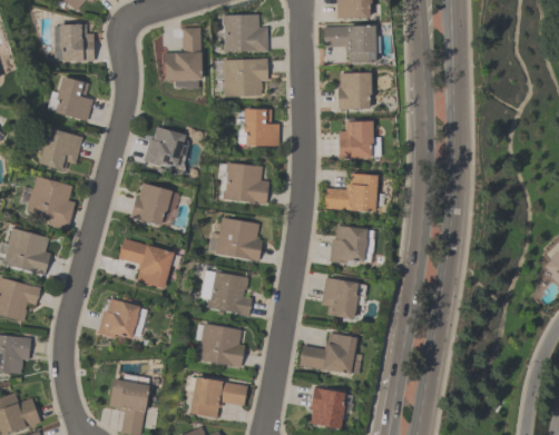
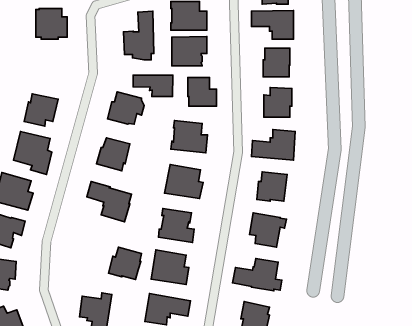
building: [47,77,92,120] -> none
building: none -> [133,75,173,97]
building: [98,299,139,339] -> [108,247,142,280]

